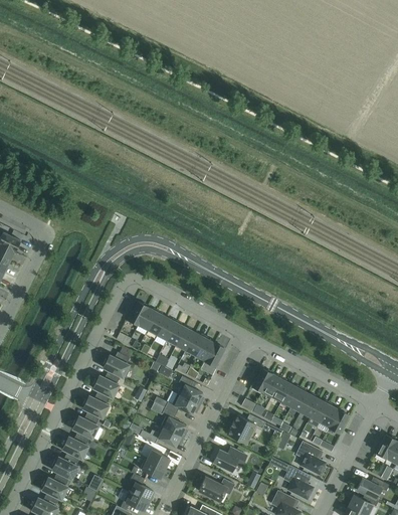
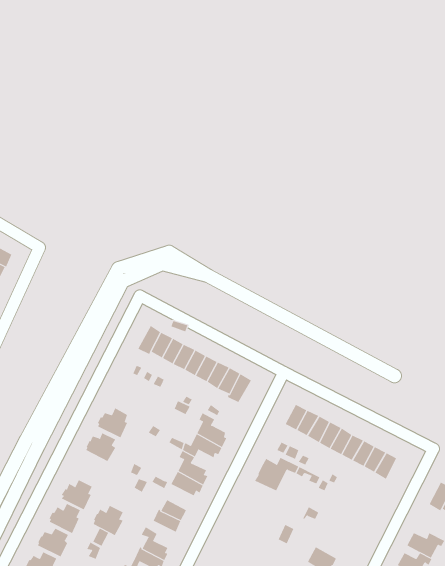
building: [103,351,130,377] -> none
building: [72,412,98,439] -> [93,505,124,536]
building: [296,441,325,474] -> none
building: [212,449,247,473] -> none
building: [283,466,313,499] -> none
building: [198,476,234,501] -> none

